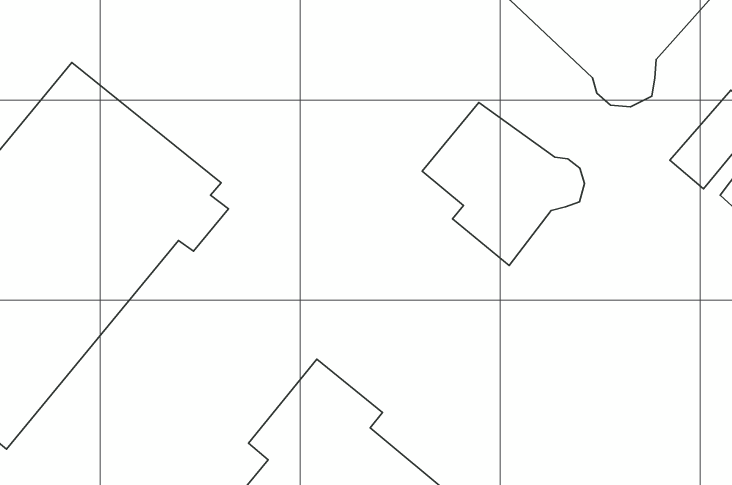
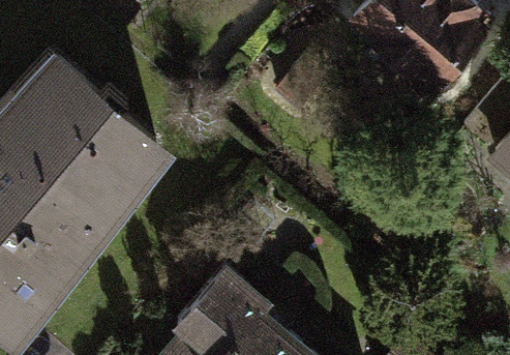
building: [422,102,584,266] -> none

